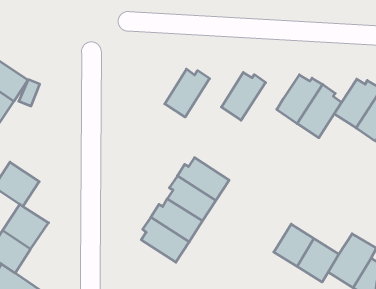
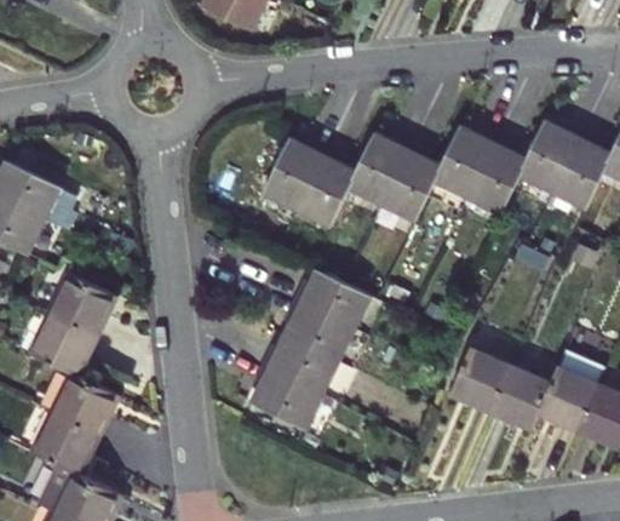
building: none -> [297,150,356,228]
building: none -> [380,145,438,223]
building: none -> [46,275,111,336]

